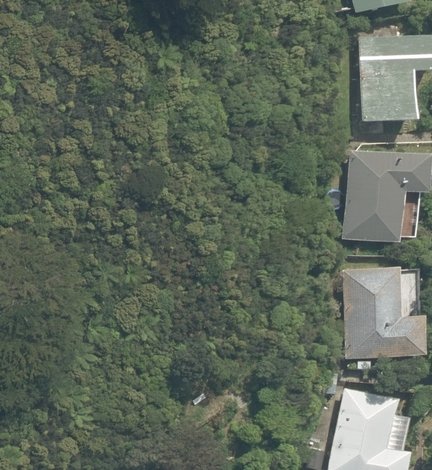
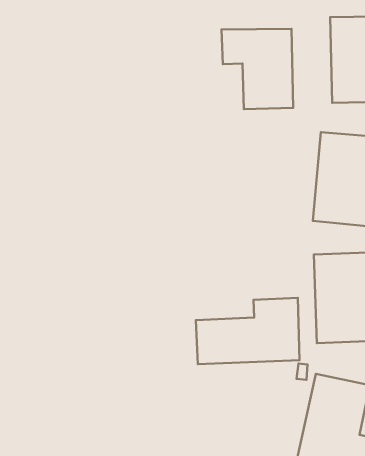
building: none -> [222,29,293,109]
building: none -> [196,298,299,364]

